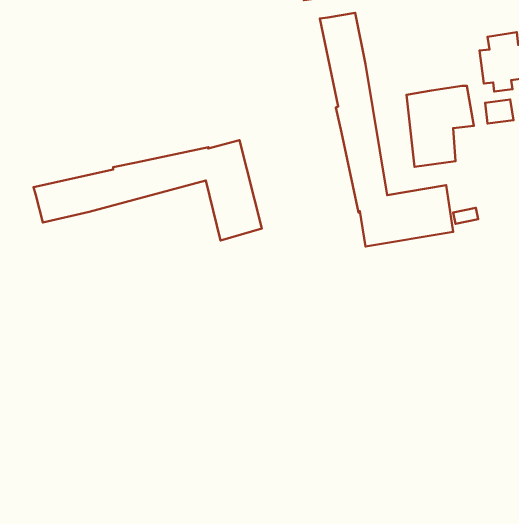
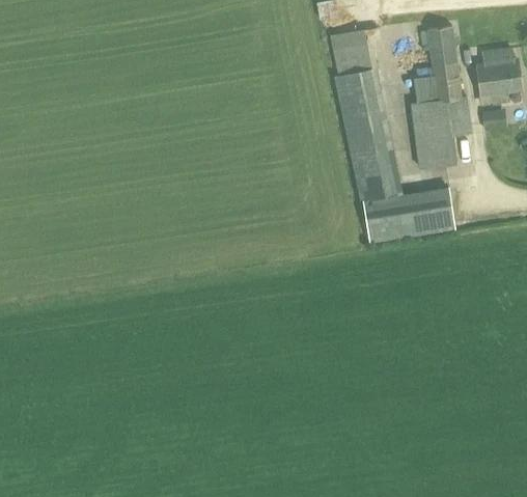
building: none -> [424,26,461,100]
building: [34,140,262,240] -> none

